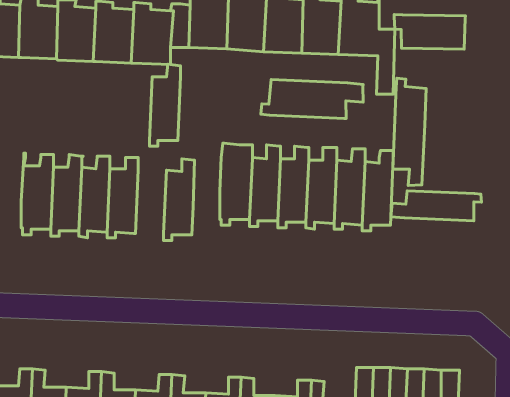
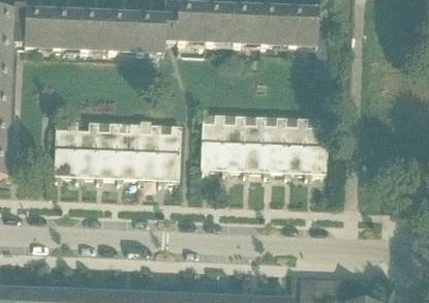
building: [394,14,465,49] -> none
building: [150,64,181,146] -> [137,123,160,183]
building: [393,78,426,185] -> none
building: [261,79,363,119] -> none
building: [391,191,482,221] -> none

